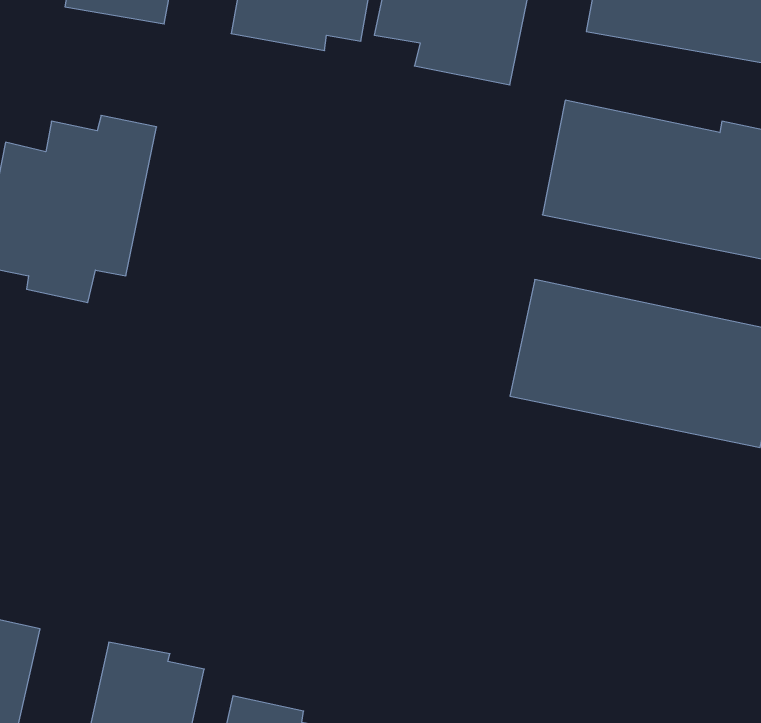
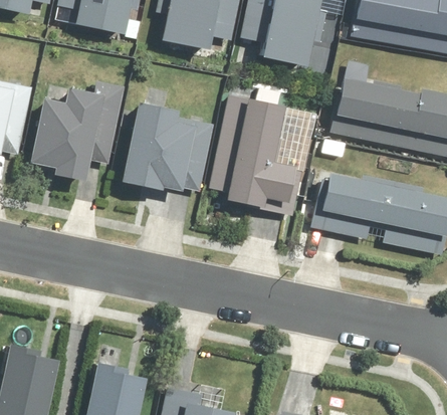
building: none -> [205,91,302,219]
building: none -> [124,99,212,196]

